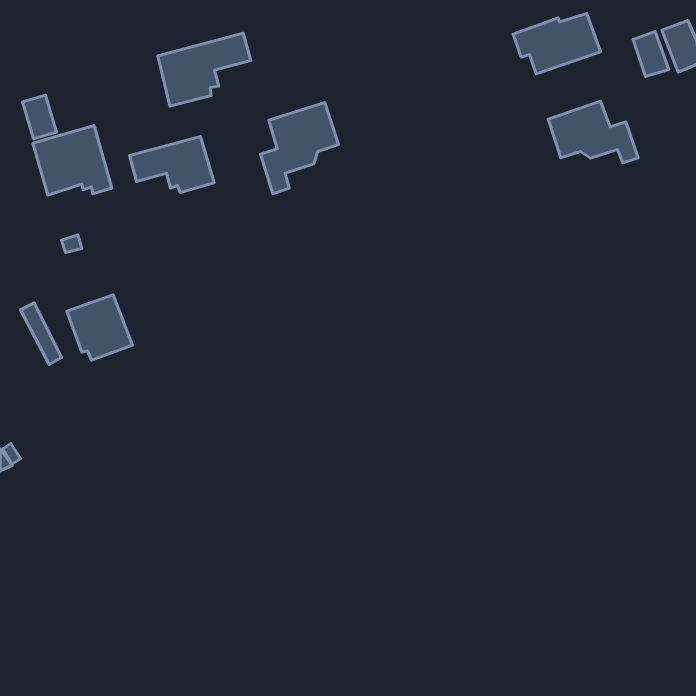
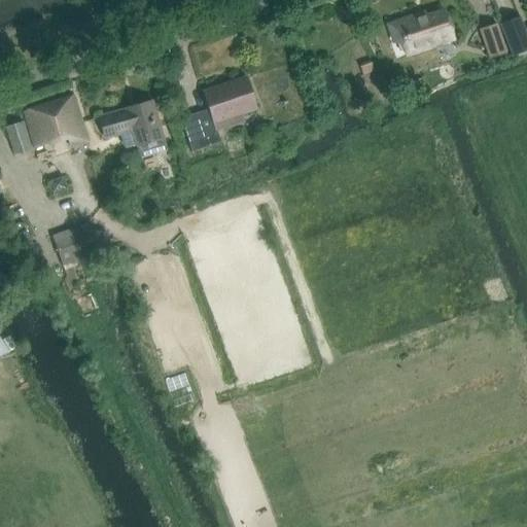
building: [158,33,251,106] -> none
building: [22,95,57,139] -> [6,120,32,153]
building: [548,101,638,163] -> none

